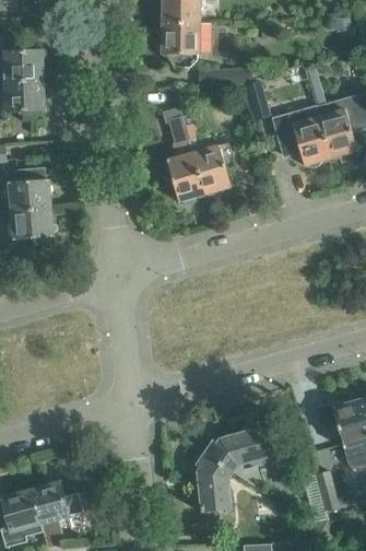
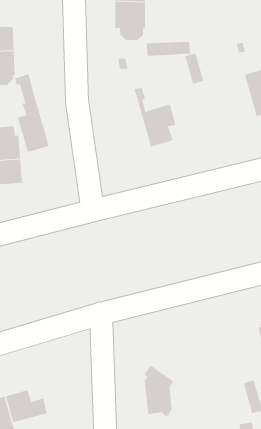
building: [272,105,330,167] -> none
building: [163,107,204,201] -> [14,74,49,153]
building: [204,425,273,485] -> none

